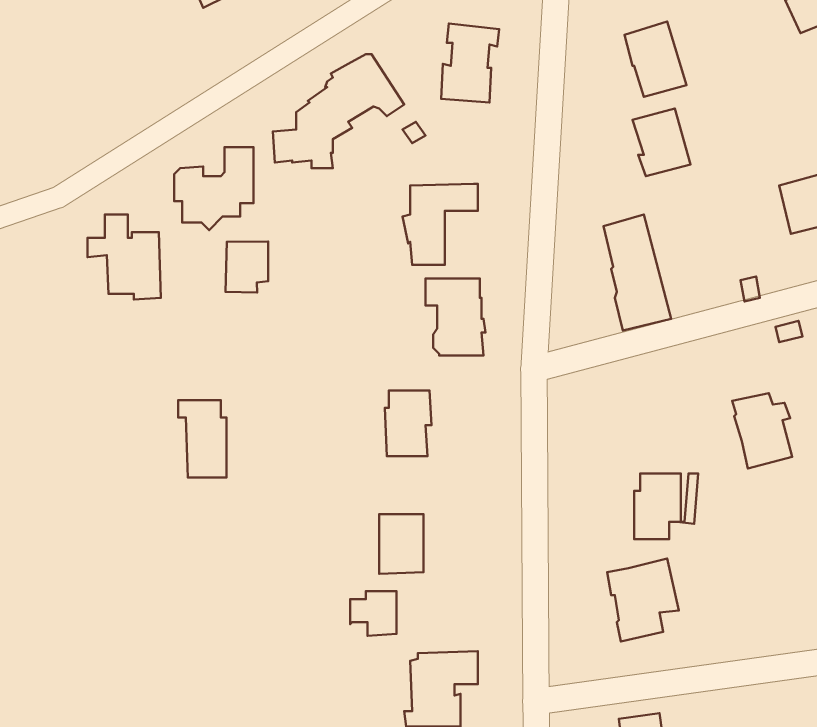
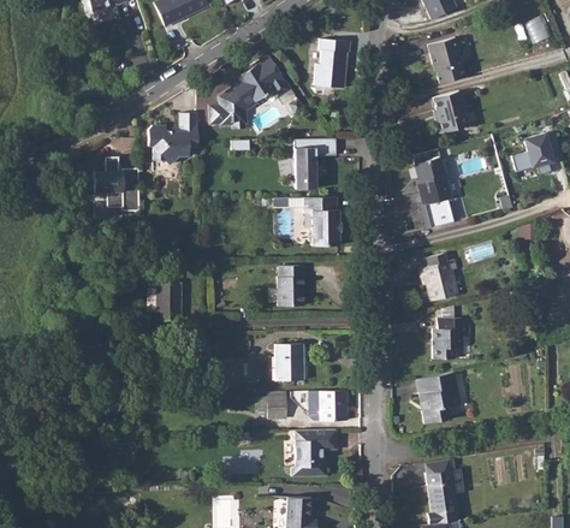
building: [225,241,268,292] -> none
building: [732,393,792,468] -> [421,254,458,301]
building: none -> [307,390,345,420]

